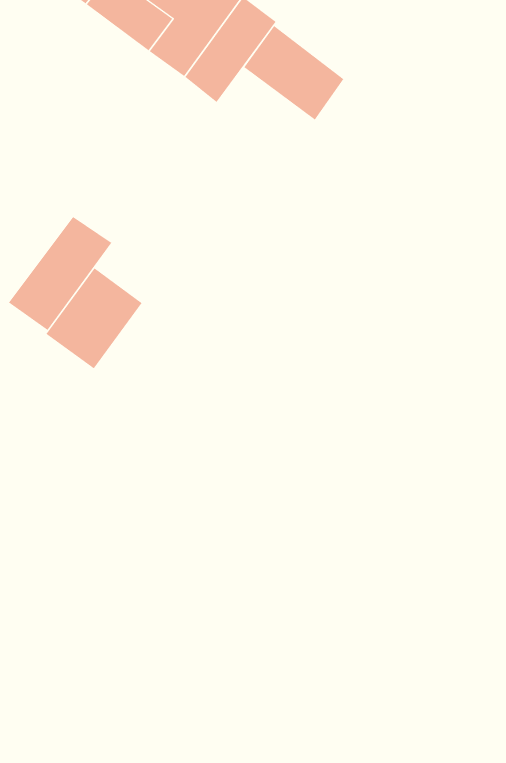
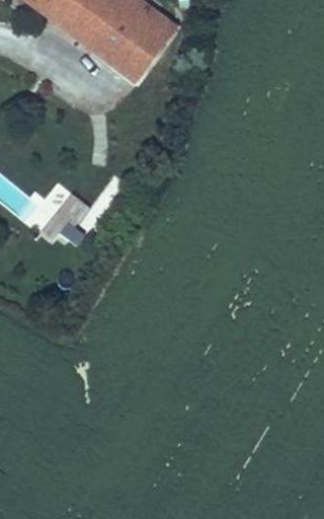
building: [243,25,344,120] -> none
building: [8,216,112,331] -> none

